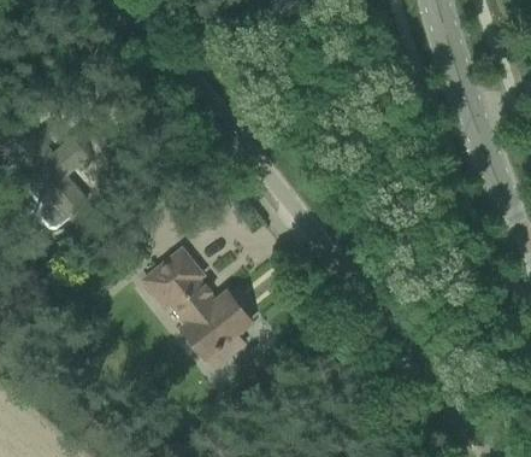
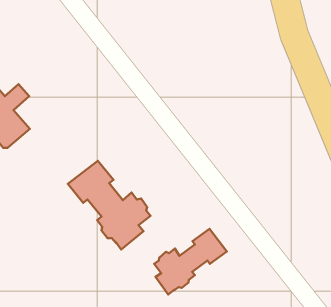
building: none -> [154,229,227,294]

